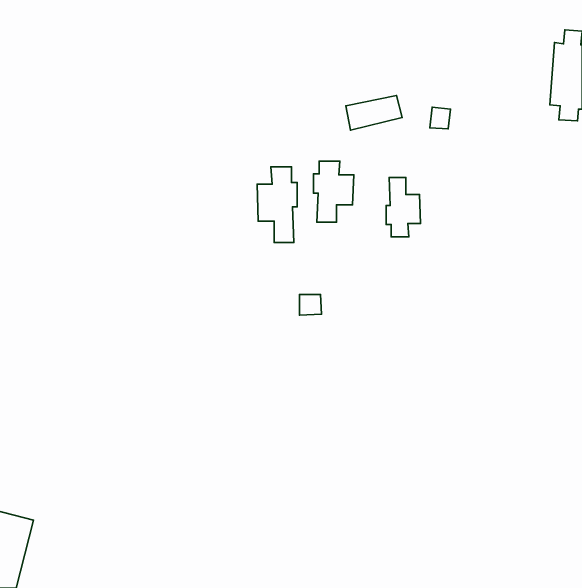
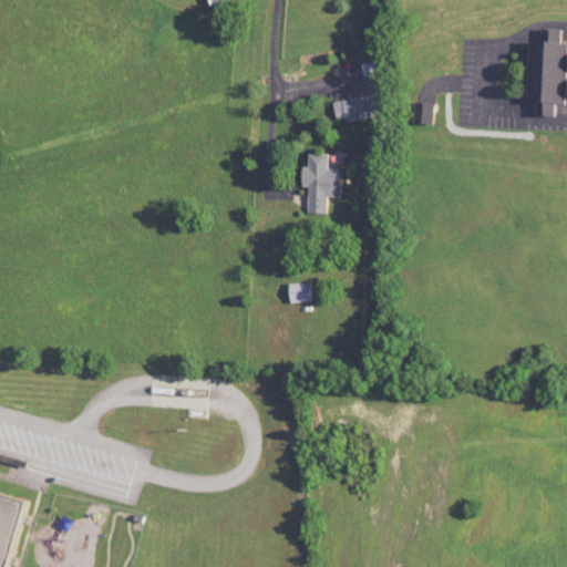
building: [257,167,297,243] -> none
building: [386,178,421,237] -> none

